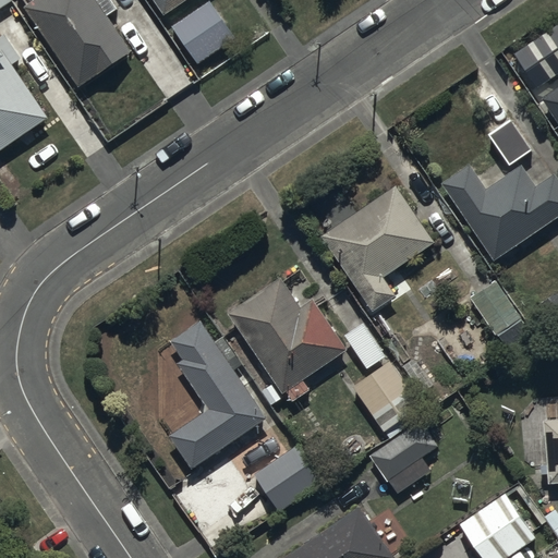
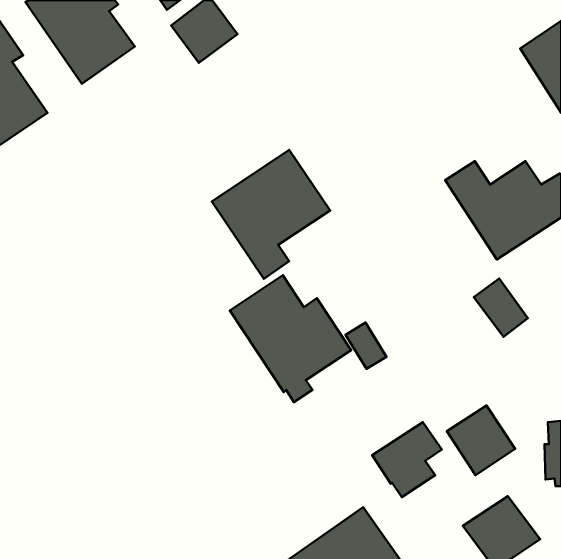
building: [319,185,436,313] -> [212,150,330,279]
building: [168,319,279,468] -> none
building: [352,363,420,432] -> [447,406,515,475]
building: [252,441,324,511] -> none

